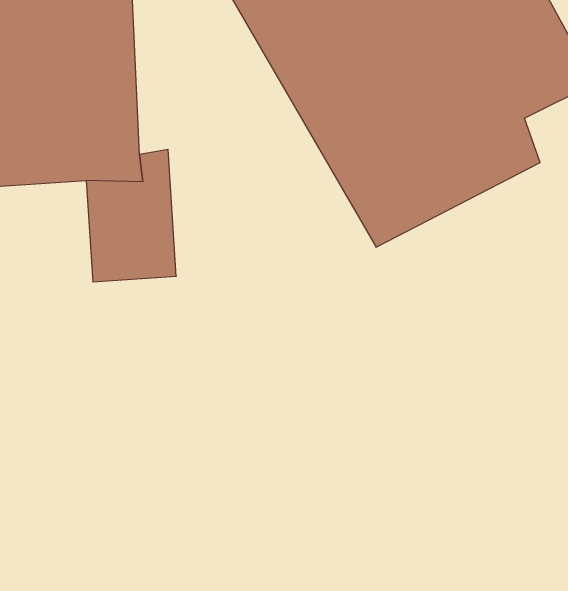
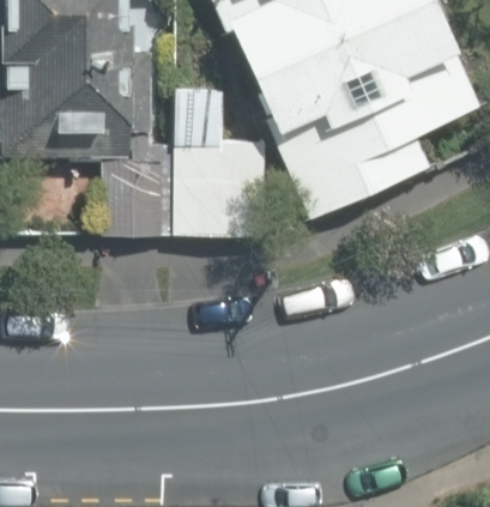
building: none -> [167,133,264,229]

